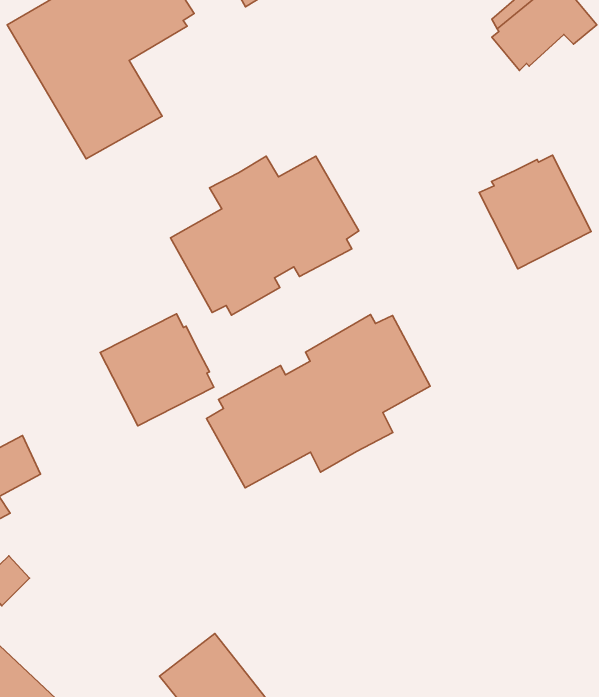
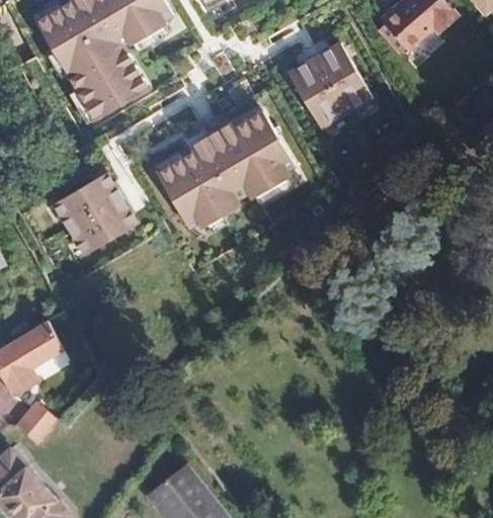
building: [479,155,591,269] -> [287,49,369,132]
building: [100,314,214,426] -> [49,173,132,255]
building: [207,315,430,488] -> none

